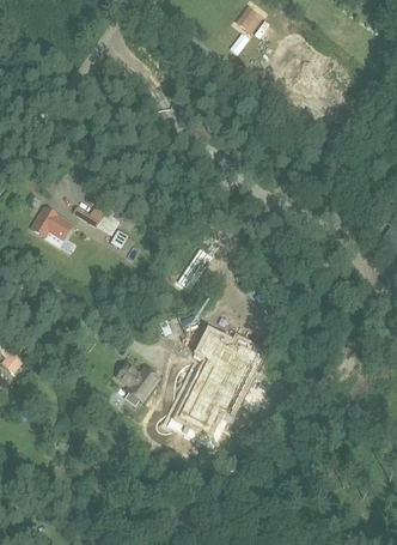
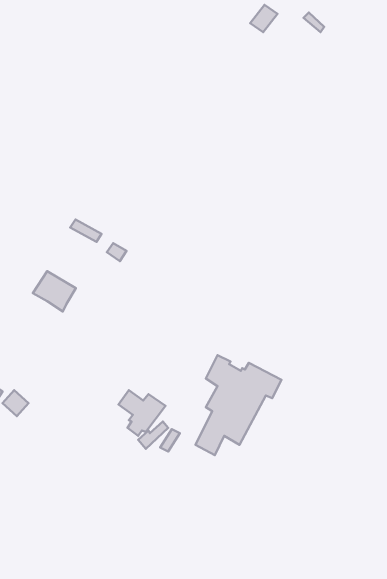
building: [31,206,71,243] -> [33,271,76,311]

